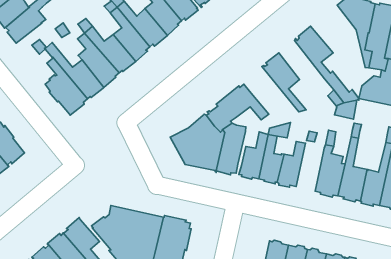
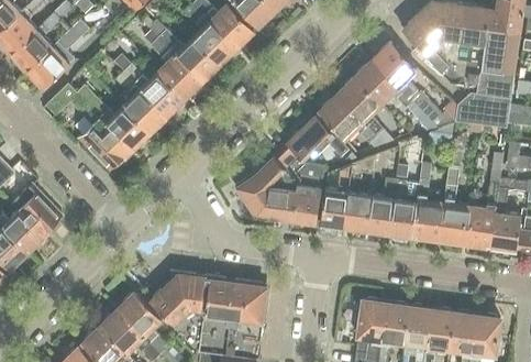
building: none -> [403,12,460,84]
building: none -> [355,58,412,108]
building: none -> [319,92,385,147]
building: none -> [389,179,419,238]

